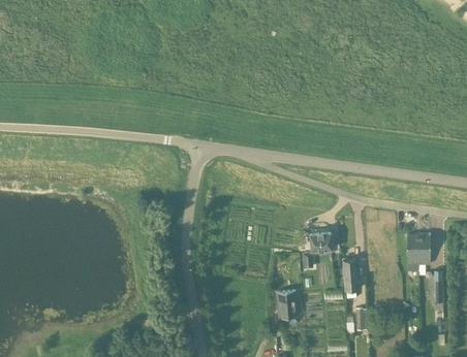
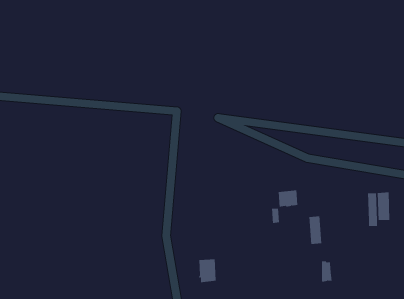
building: [277,292,297,318] -> [198,259,217,283]

